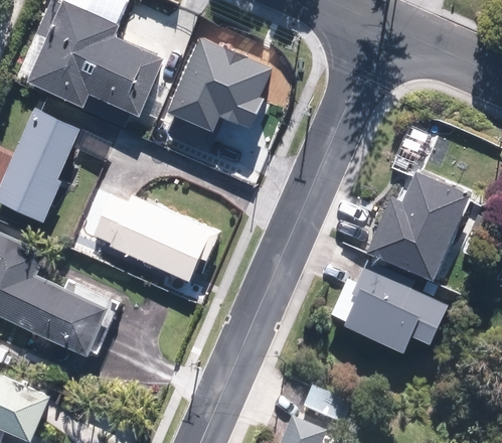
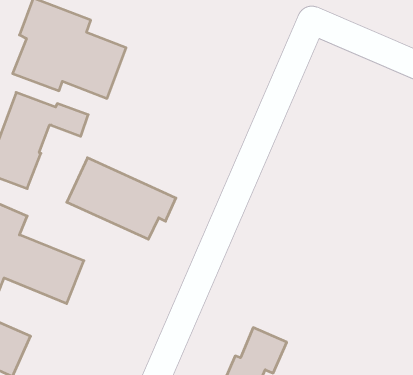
building: [154,26,276,145] -> none
building: [364,169,468,277] -> none
building: [336,257,445,348] -> none

